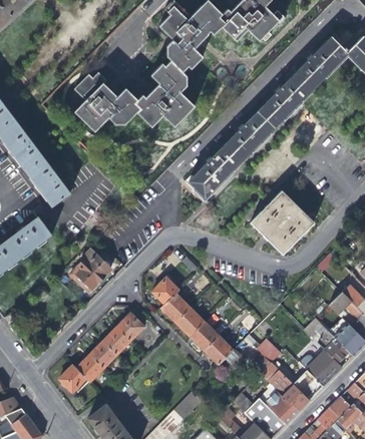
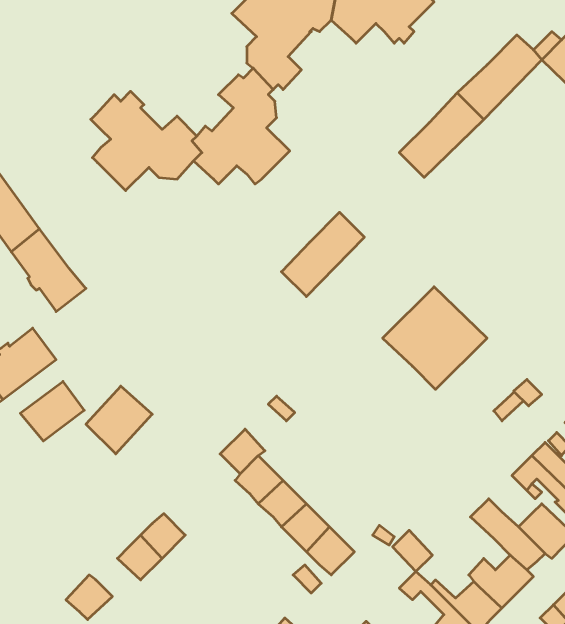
building: [225,109,276,160] -> none
building: none -> [20,381,84,441]
building: [118,312,148,341] -> none
building: [77,355,104,382] -> none

